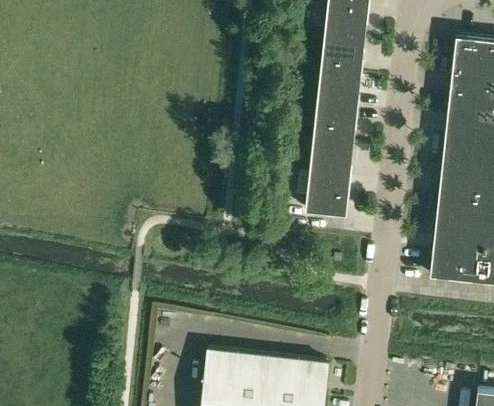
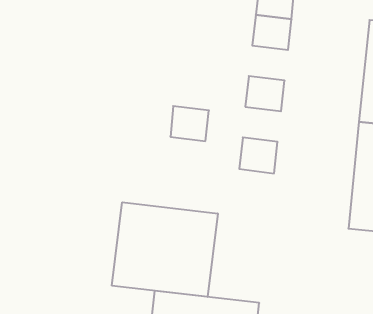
building: [316,69,361,109] -> none
building: [309,139,353,179] -> [170,106,209,141]
building: none -> [112,202,218,297]

